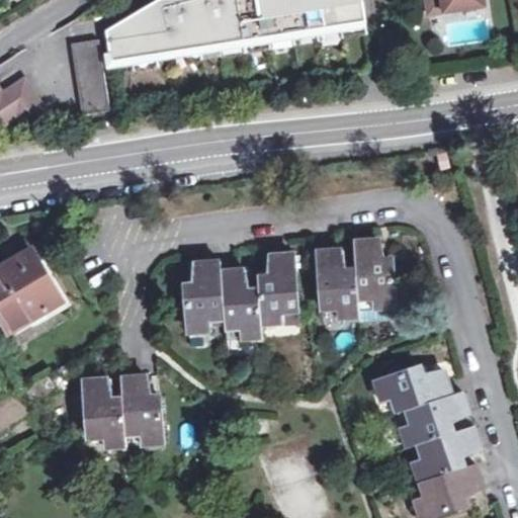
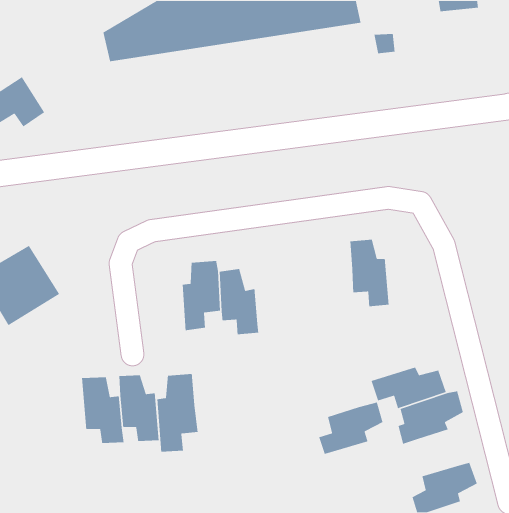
building: [68,39,106,113] -> none
building: [316,251,357,320] -> none
building: [257,255,295,327] -> none
building: none -> [156,373,198,453]
building: [412,428,478,482] -> [318,402,384,455]

